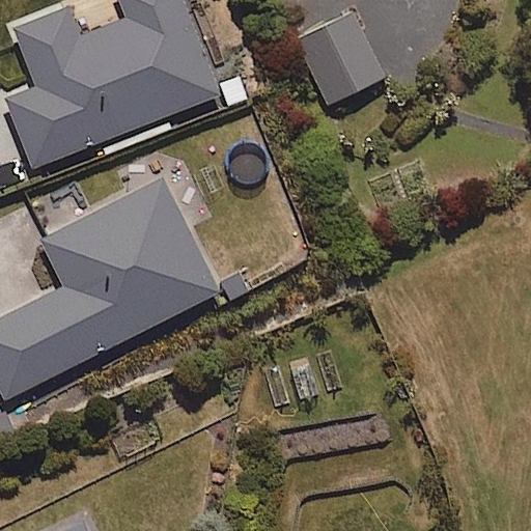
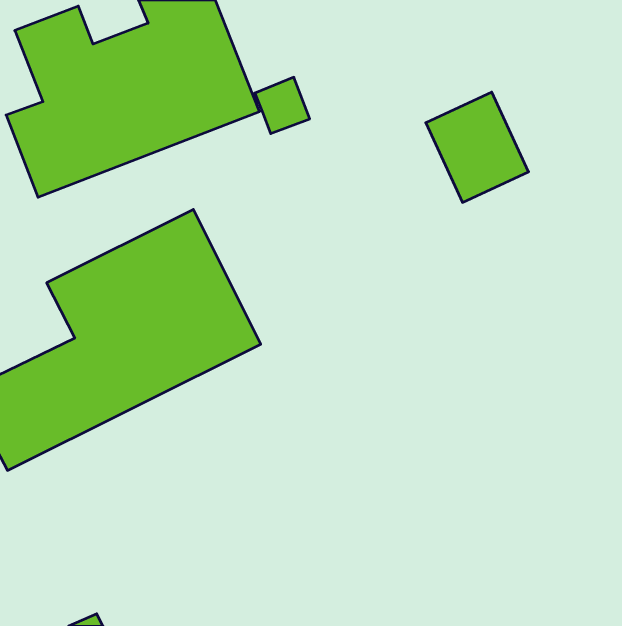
building: [291,12,379,106] -> [426,92,529,202]

